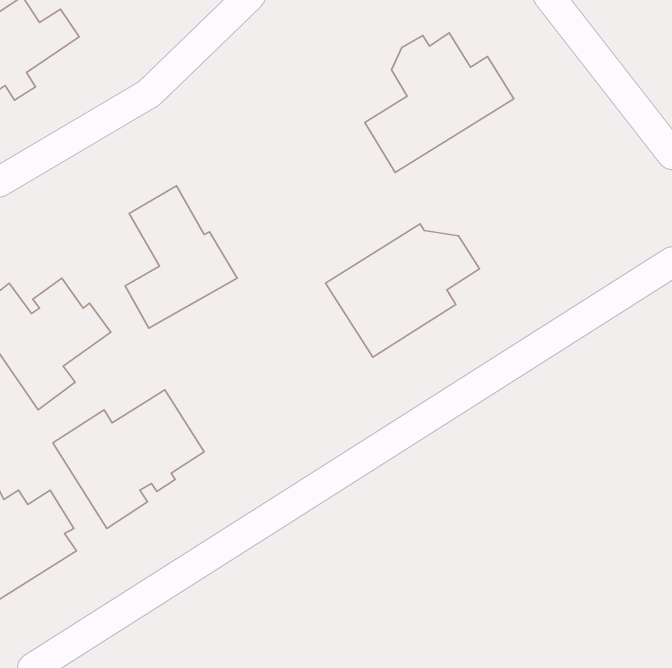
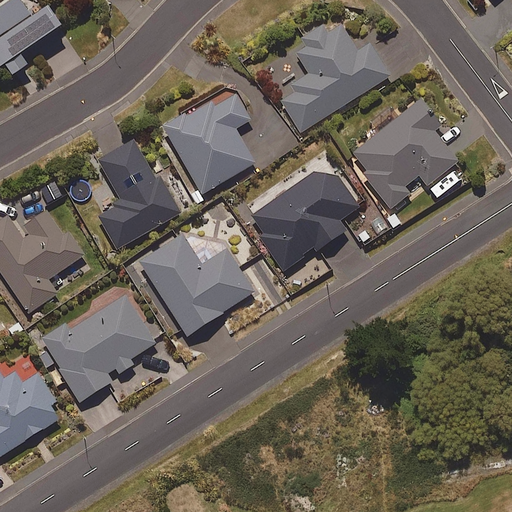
building: none -> [162,87,254,194]
building: none -> [350,99,458,208]
building: none -> [135,233,254,338]

